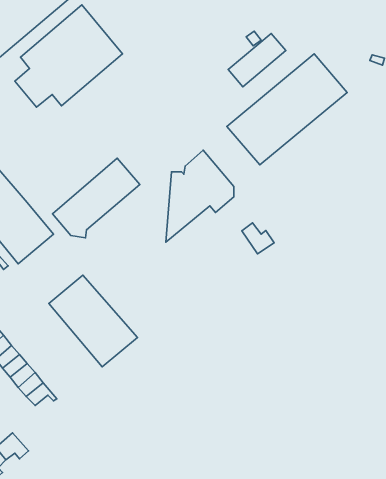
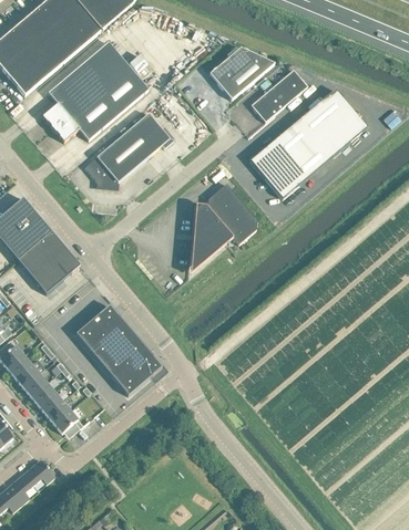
building: none -> [208,46,274,98]
building: [53,158,140,238] -> [84,112,170,189]
building: [242,223,274,254] -> none

